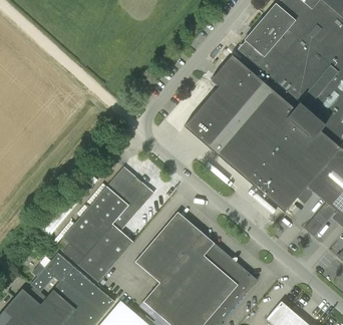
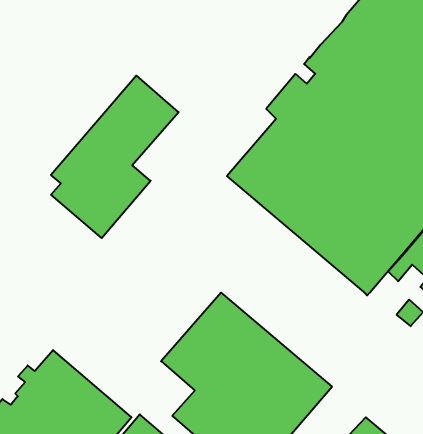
building: [63,167,154,283] -> [51,76,179,238]

